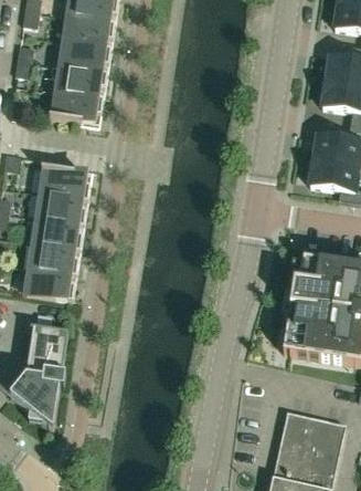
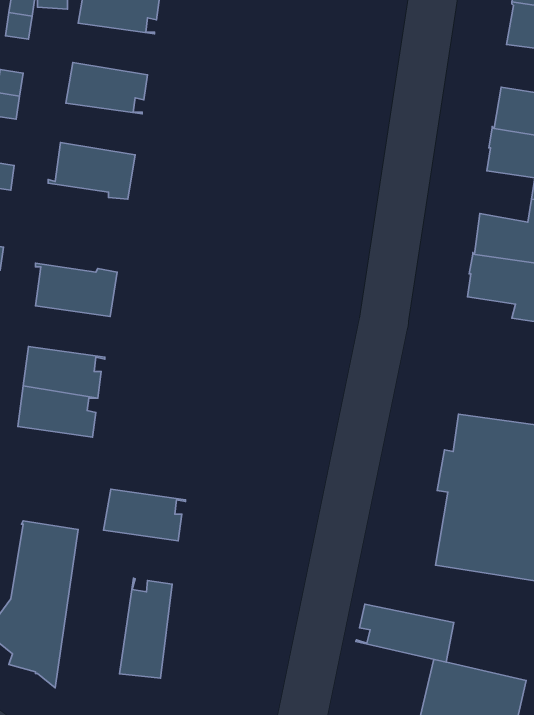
building: [64,15,115,48] -> none
building: [56,65,107,97] -> none
building: [36,191,87,223] -> none
building: [25,267,76,299] -> [104,489,185,541]
building: none -> [119,578,172,678]
building: none -> [356,604,454,662]

